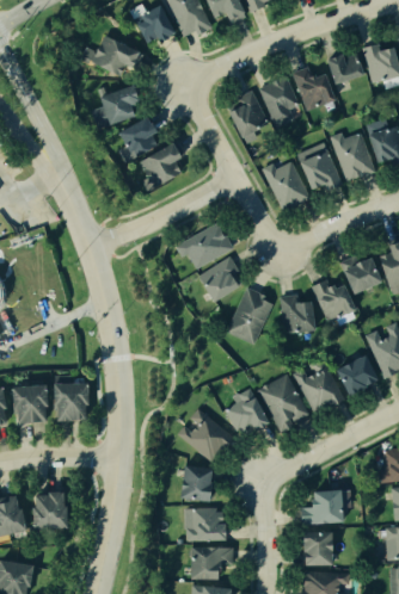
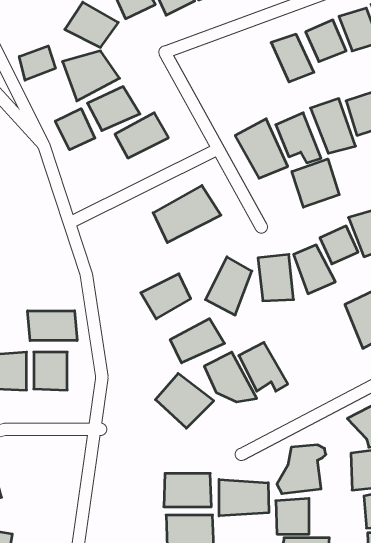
building: none -> [19,46,55,80]
building: [262,78,306,130] -> none
building: [223,92,266,137] -> none
building: none -> [55,109,95,150]
building: none -> [292,159,339,207]
building: [197,259,247,304] -> [141,274,191,319]
building: none -> [28,311,77,341]
building: [334,349,381,398] -> none
building: none -> [170,319,225,363]
building: [291,357,345,416] -> none
building: [179,459,208,500] -> none
building: [31,493,67,528] -> none
building: none -> [219,479,269,516]

